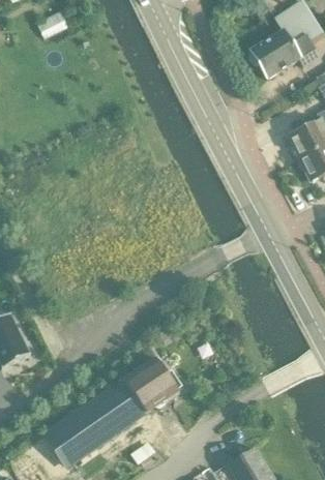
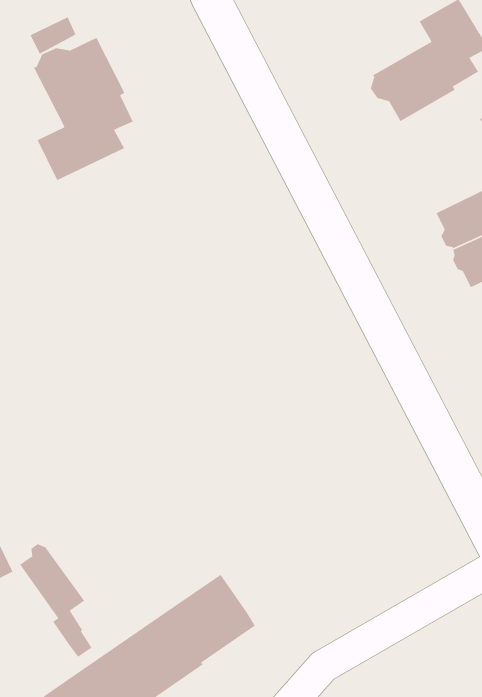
building: none -> [33,37,134,181]
building: none -> [19,543,92,658]

